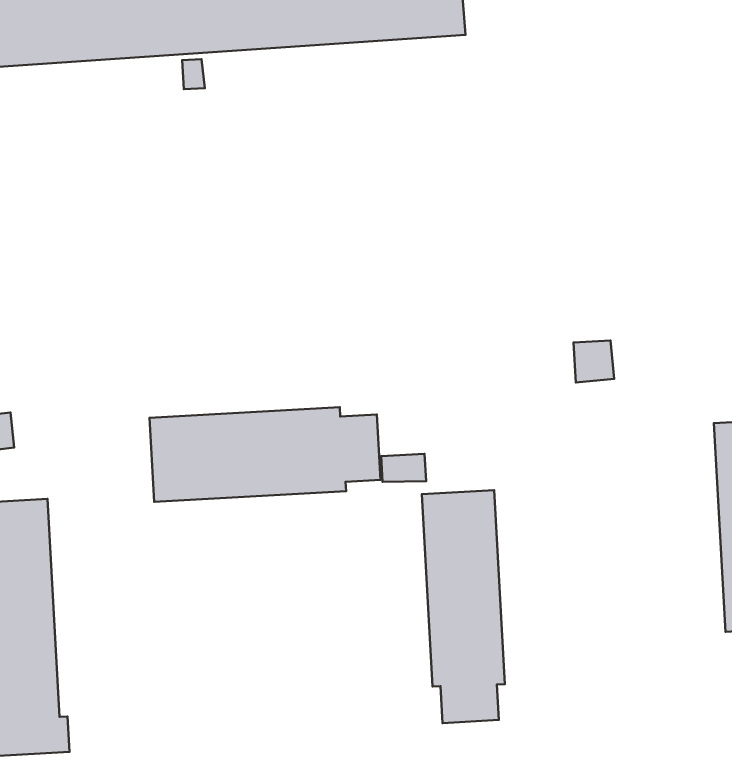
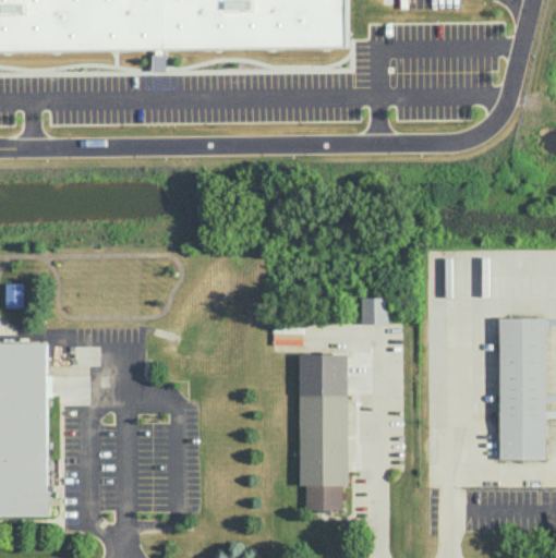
building: [574,340,614,383] -> [362,298,388,325]
building: [150,407,380,502] -> none

